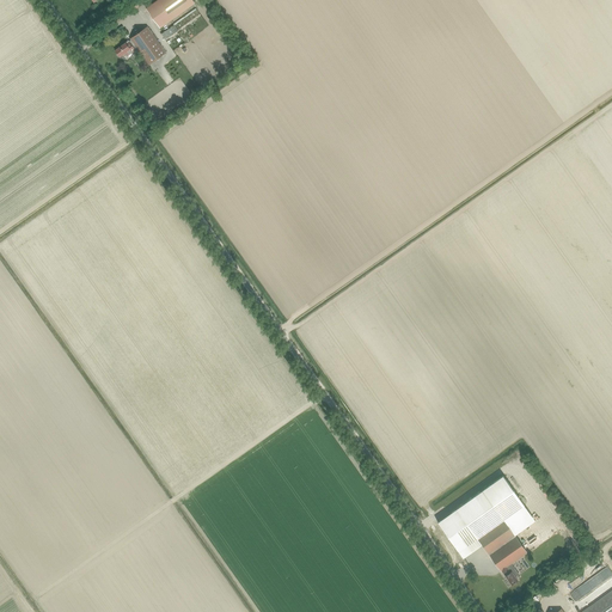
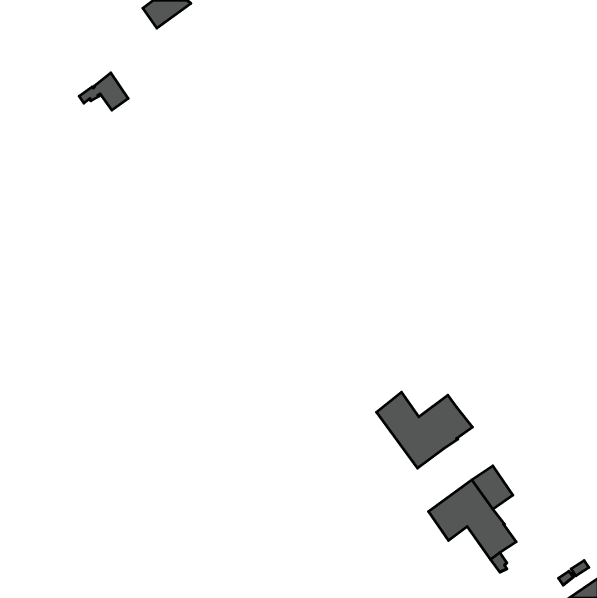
building: [116,26,166,65] -> [79,73,128,110]
building: none -> [377,392,472,468]

